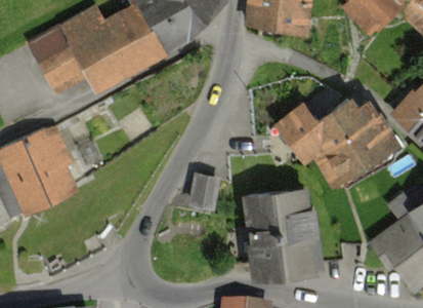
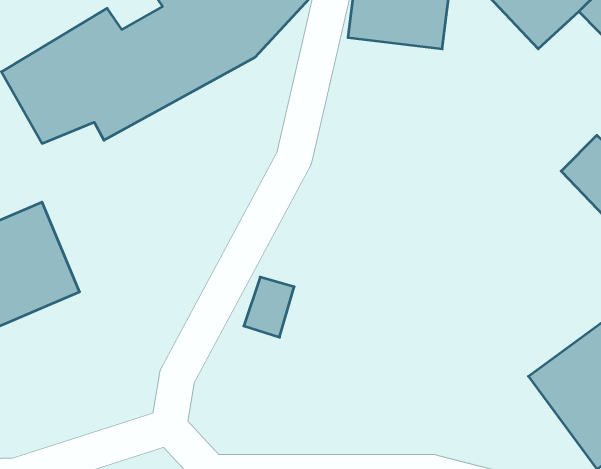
building: [266,95,392,188] -> none
building: [231,187,307,277] -> none

